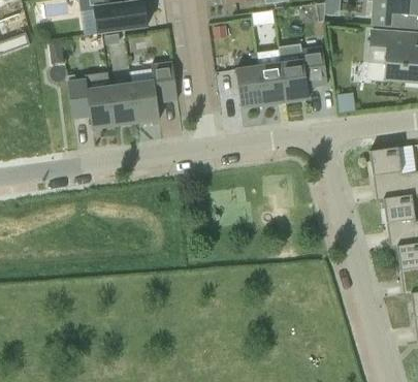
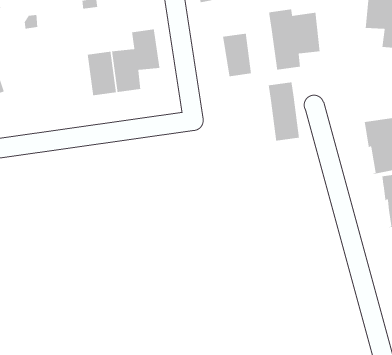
building: [256,49,286,104] -> [268,82,300,141]
building: [68,78,115,128] -> none

